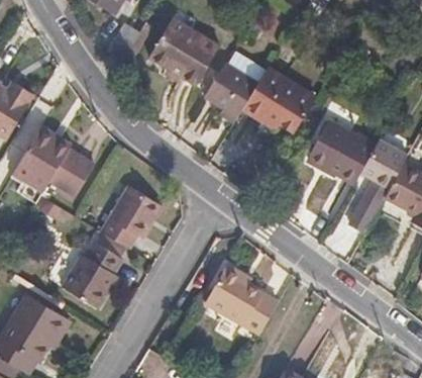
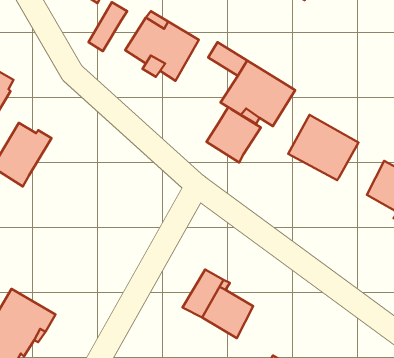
building: [202,62,255,116] -> [207,107,261,162]
building: [347,143,405,233] -> none
building: [49,147,95,196] -> none
building: [102,186,161,246] -> none
building: [65,240,122,306] -> none

